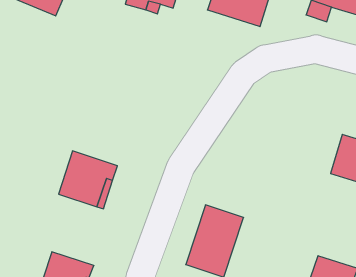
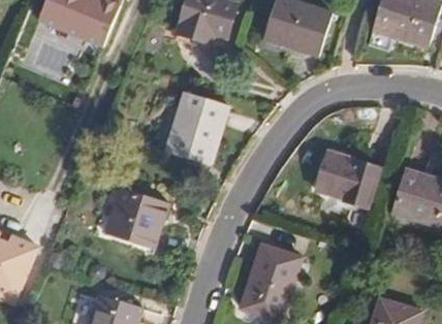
building: none -> [166,91,227,164]
building: none -> [314,151,379,207]

